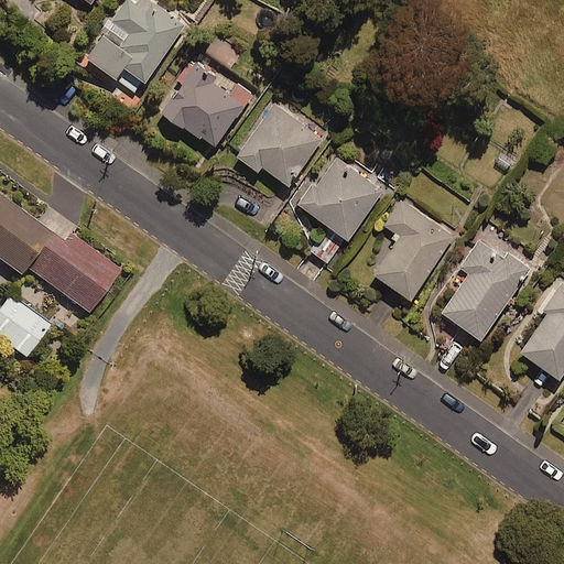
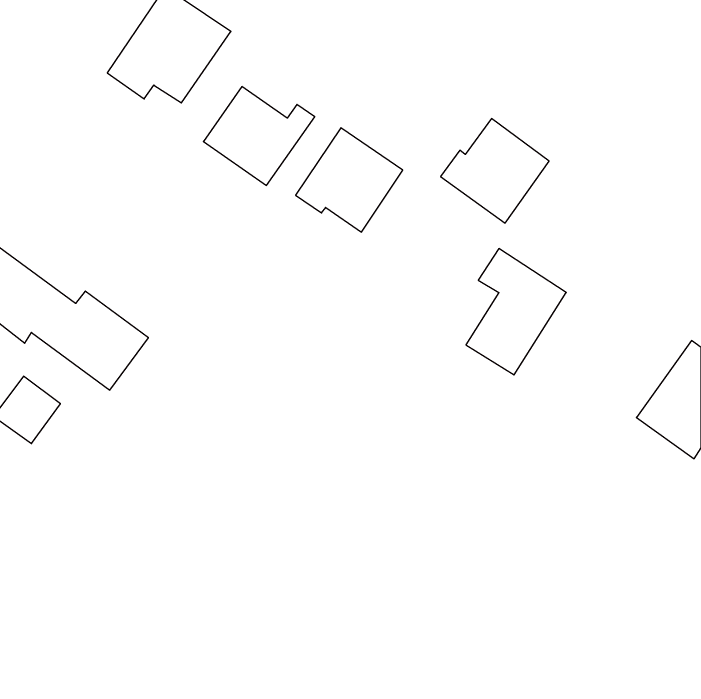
building: [296,156,383,240] -> [441,119,549,223]
building: [441,237,530,341] -> none

